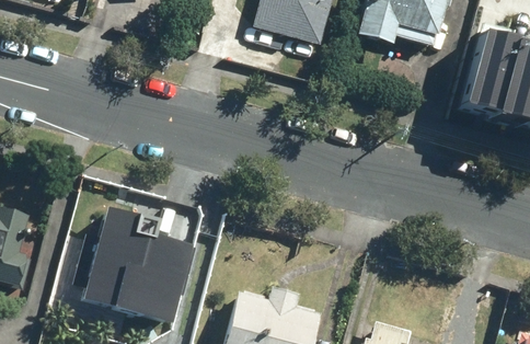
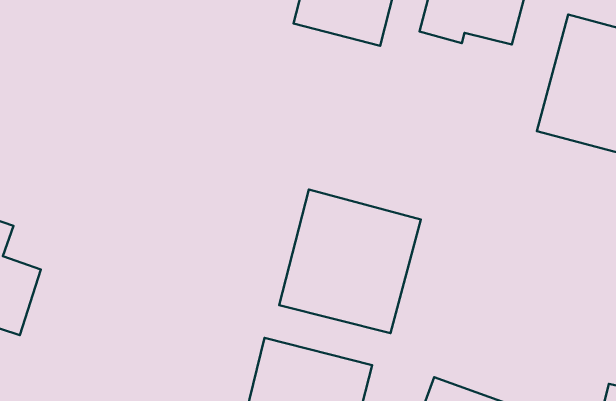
building: none -> [279,189,421,333]
building: [84,209,193,322] -> none

